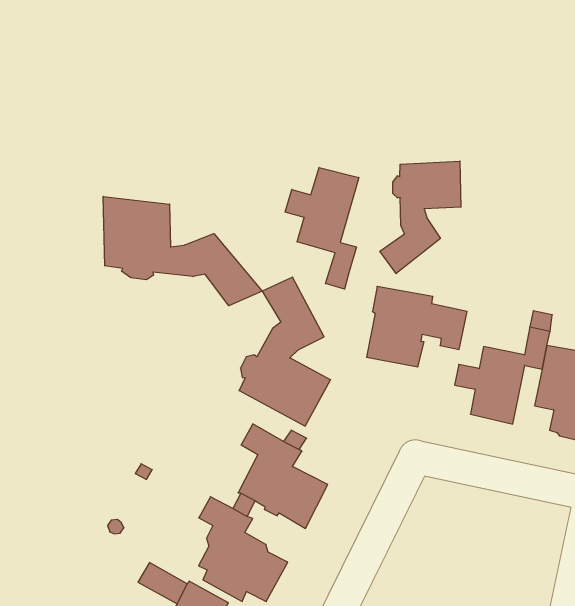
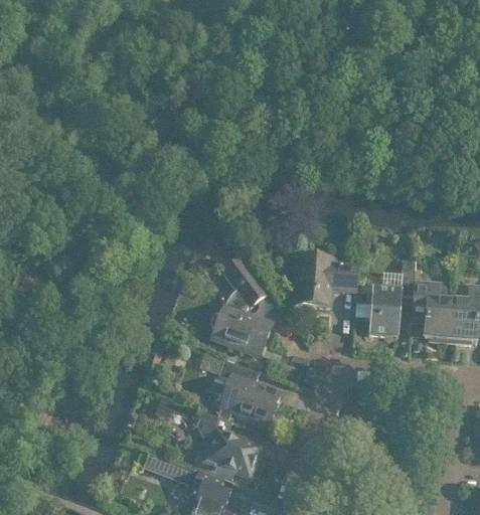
building: [380,161,461,274] -> none
building: [285,167,359,289] -> none
building: [103,196,262,306] -> none

